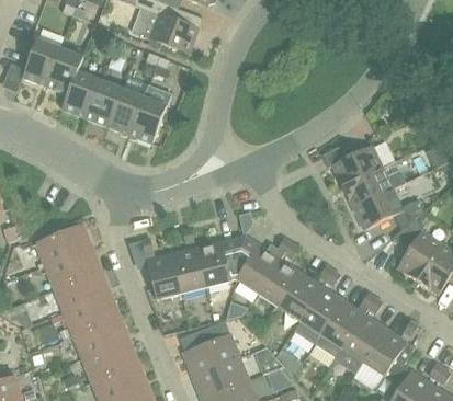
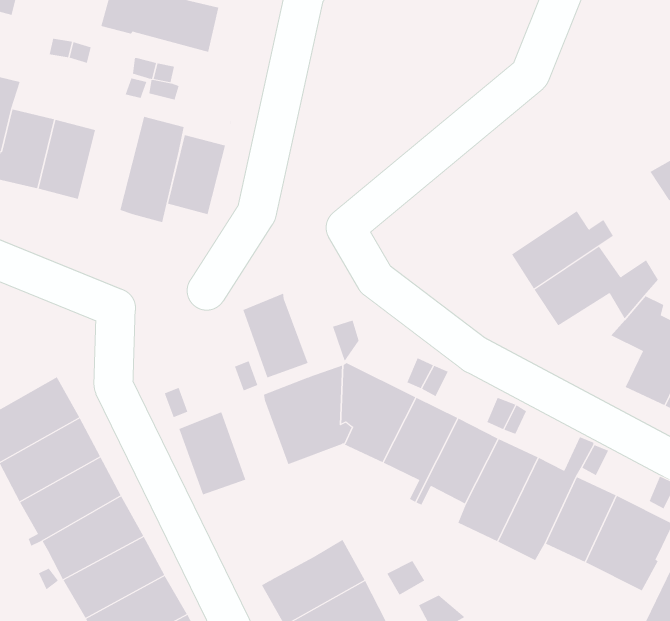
building: [106,83,148,134] -> [167,121,232,215]
building: [321,141,382,185] -> none
building: [171,245,204,291] -> [242,293,308,378]

